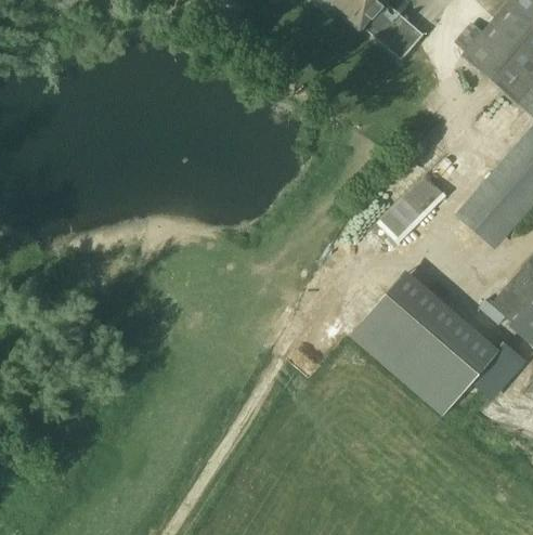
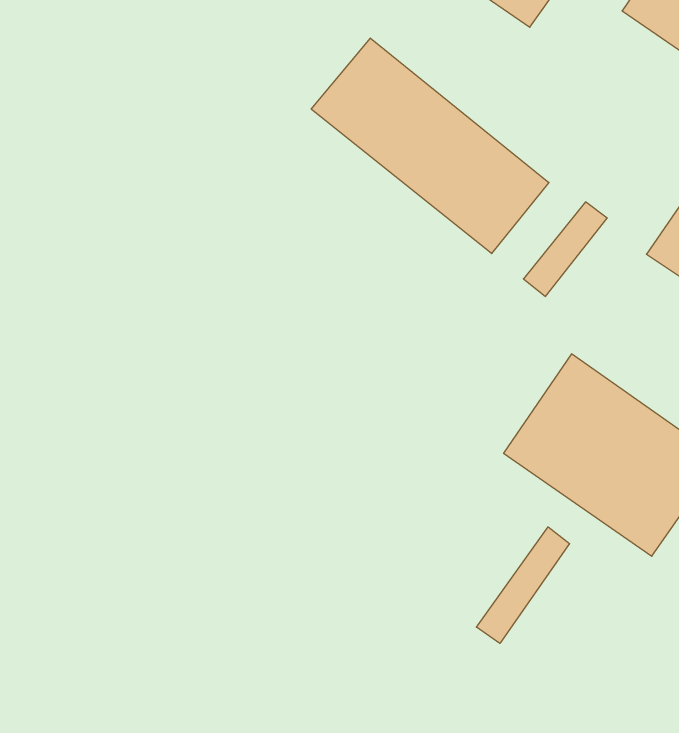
building: none -> [311,38,549,254]
building: none -> [476,527,570,643]

